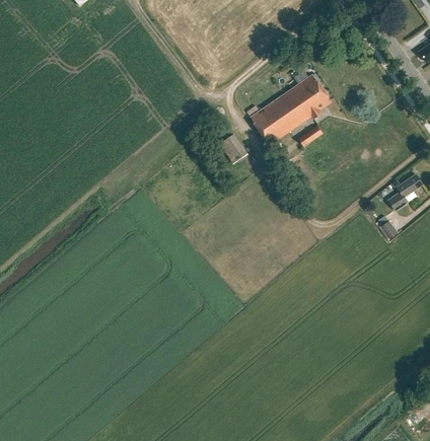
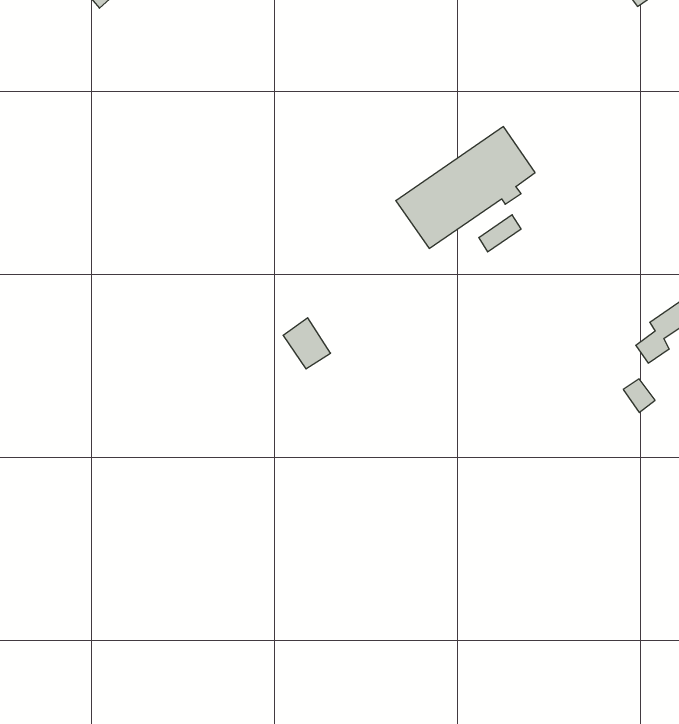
building: [219,133,246,162] -> [283,318,331,369]

